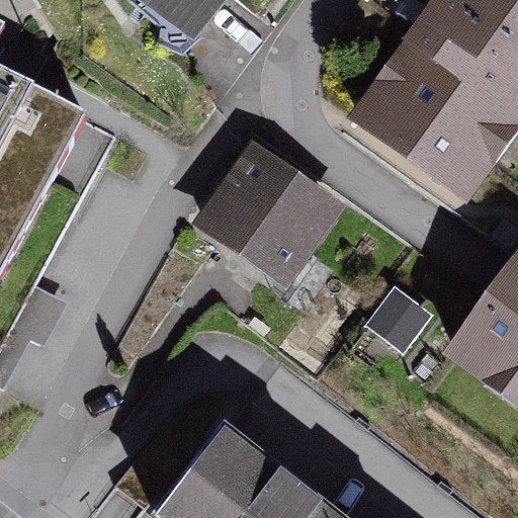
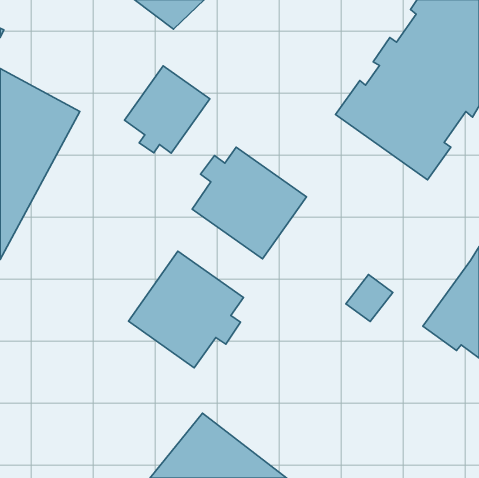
building: none -> [125,66,210,153]
building: none -> [128,251,243,368]

